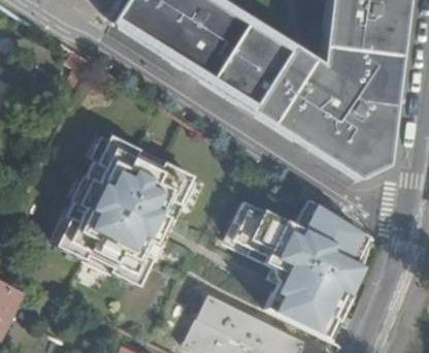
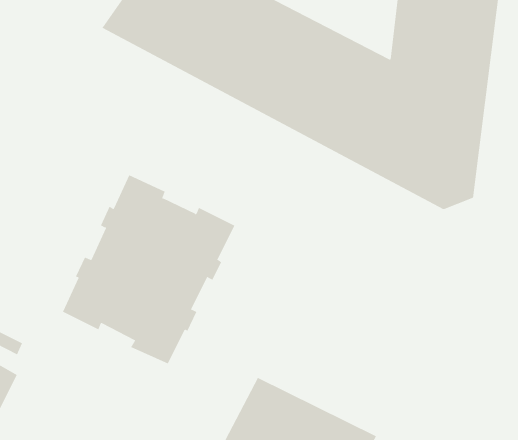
building: [238,203,372,342] -> none

